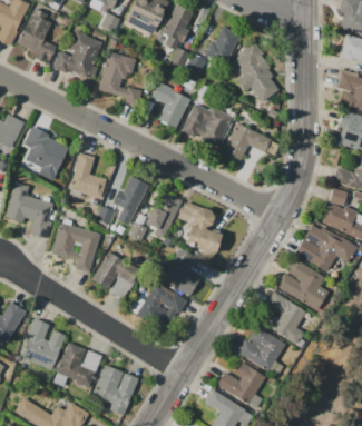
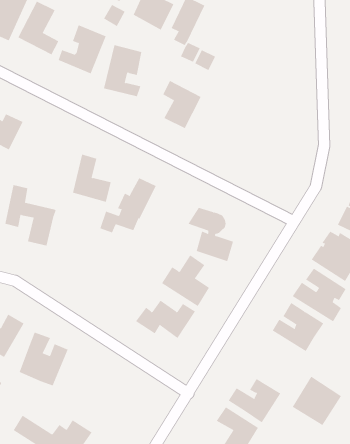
building: [205,24,241,65] -> none
building: [233,43,278,102] -> none
building: [190,106,233,147] -> none
building: [223,122,275,162] -> none
building: [22,126,69,180] -> none
building: [145,189,183,230] -> none
building: [50,221,101,273] -> none
building: [92,250,138,289] -> none
building: [238,325,285,371] -> [292,376,342,426]
building: [57,341,102,386] -> none
building: [94,365,139,415] -> none

